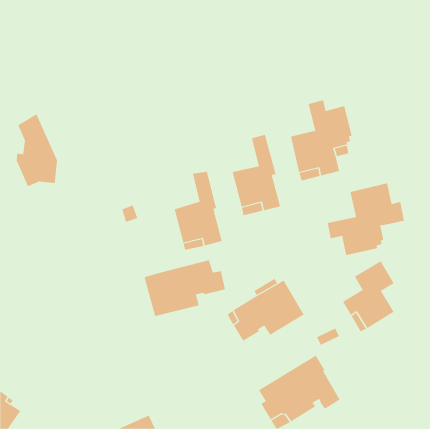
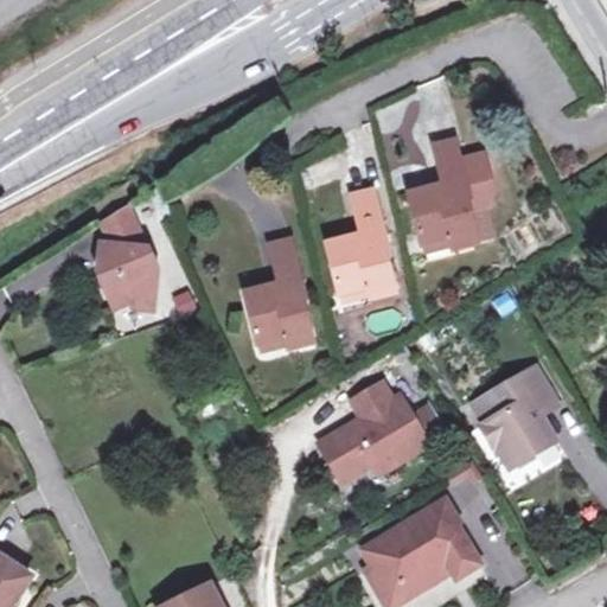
building: [16,113,58,187] -> [97,209,156,312]
building: [327,183,405,256] -> none
building: [144,260,225,317] -> none

